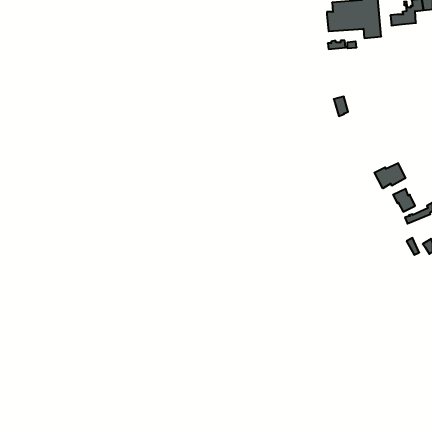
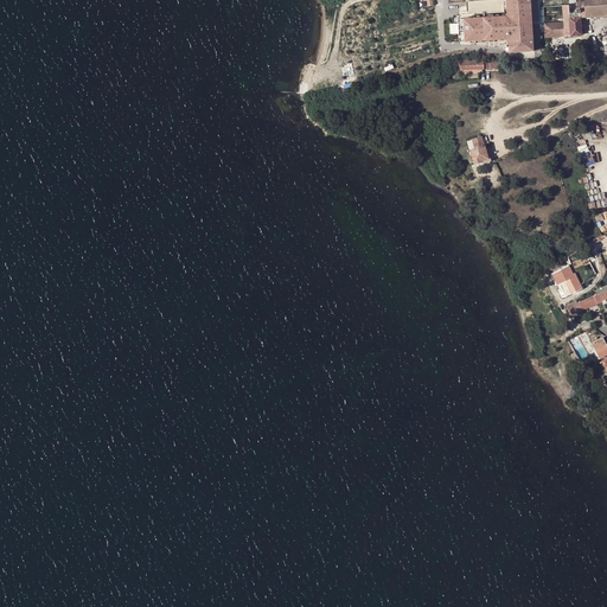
building: [374,163,405,188] -> none

